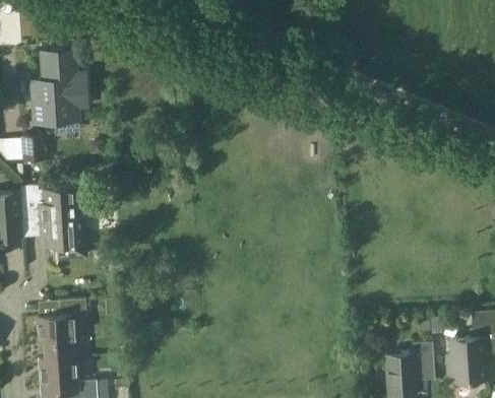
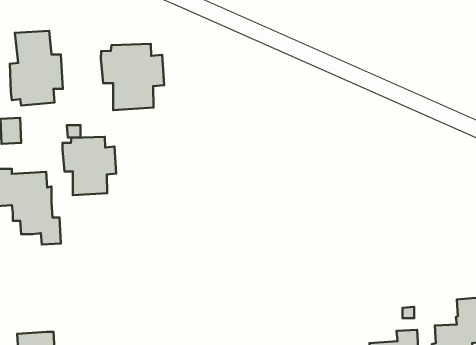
building: none -> [101,44,164,110]
building: none -> [62,137,116,195]
building: [33,302,85,347] -> none

